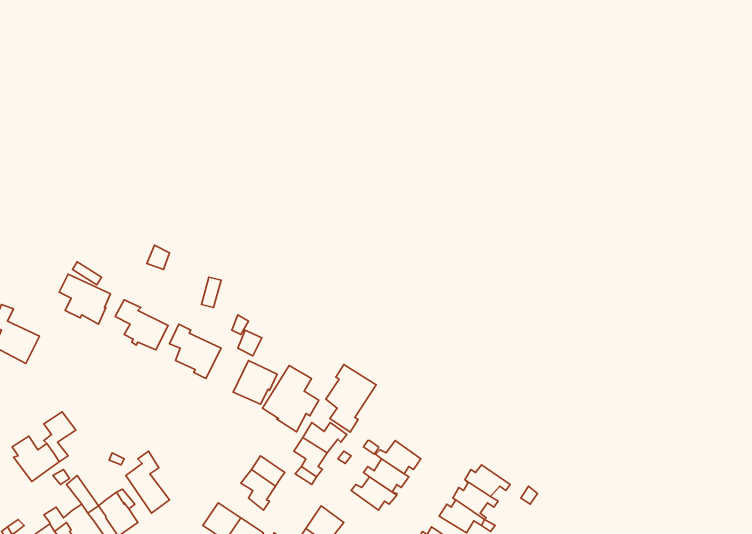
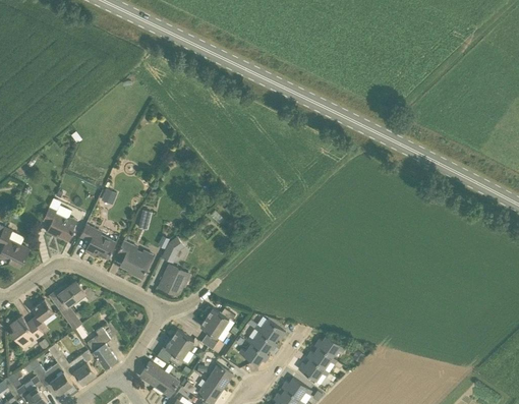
building: [326,365,376,432] -> none
building: [263,366,319,432] -> none
building: none -> [50,281,88,329]

